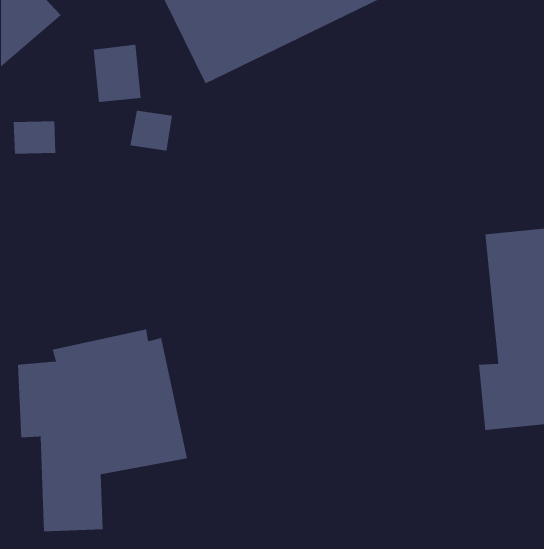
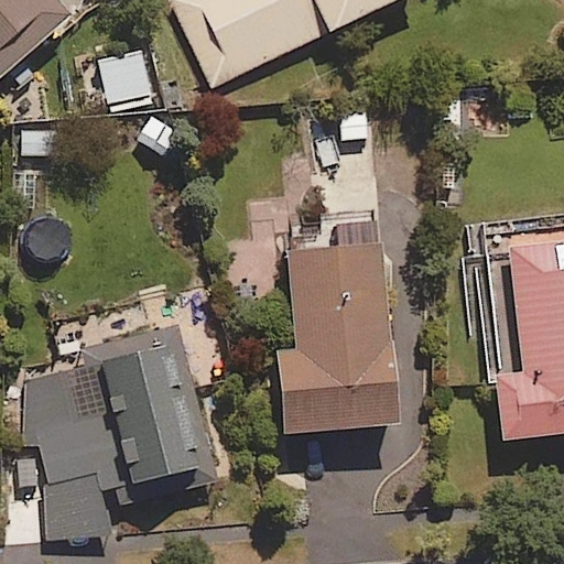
building: none -> [251,198,392,432]

